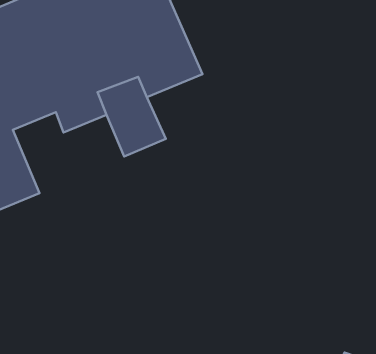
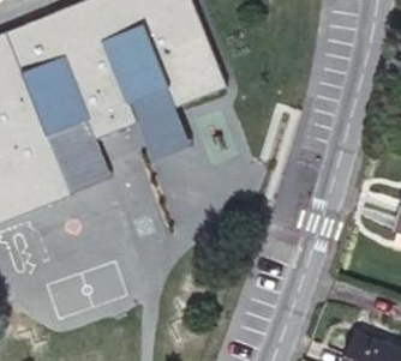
building: none -> [44,118,109,194]

